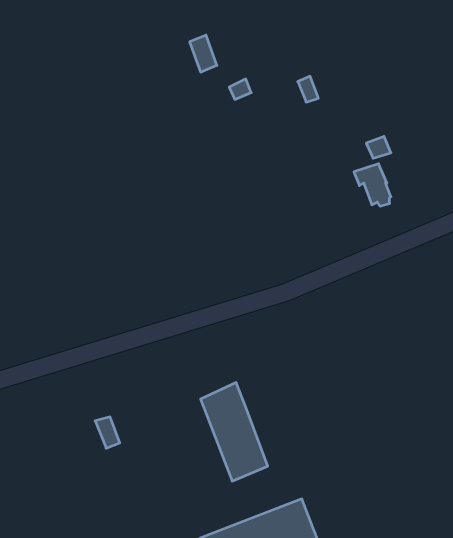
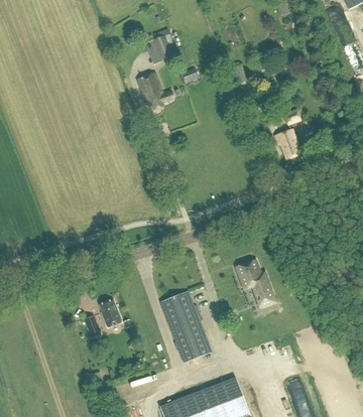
building: none -> [136,72,174,110]
building: none -> [235,259,273,305]
building: none -> [99,298,122,327]

